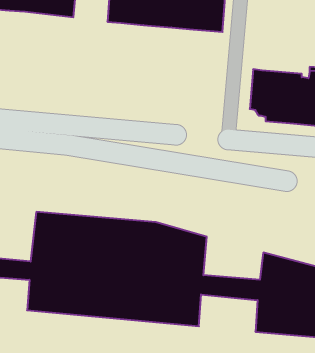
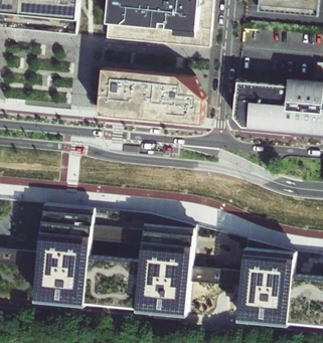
building: none -> [97,69,204,125]

